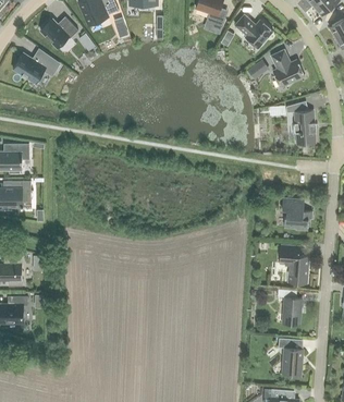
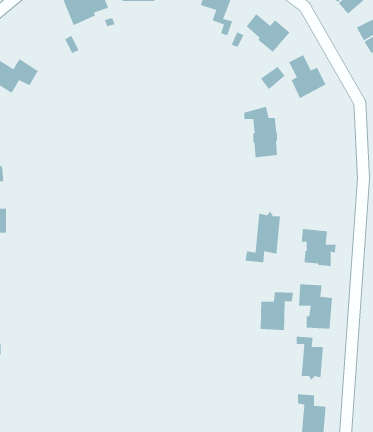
building: [40,16,78,48] -> none
building: [286,100,316,145] -> [243,106,278,158]
building: none -> [245,210,281,263]
building: none -> [260,292,294,331]

